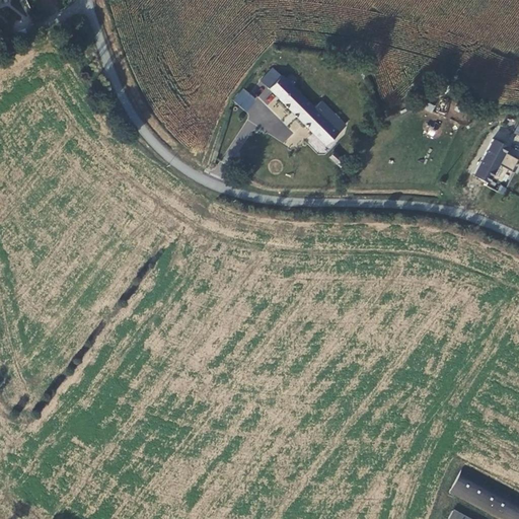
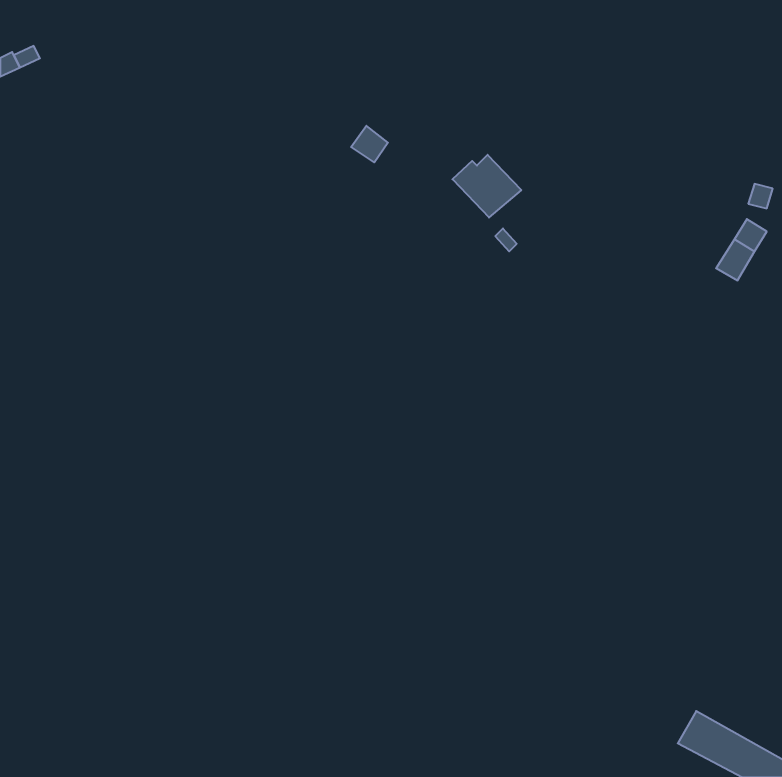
building: [262,67,313,119] -> none

